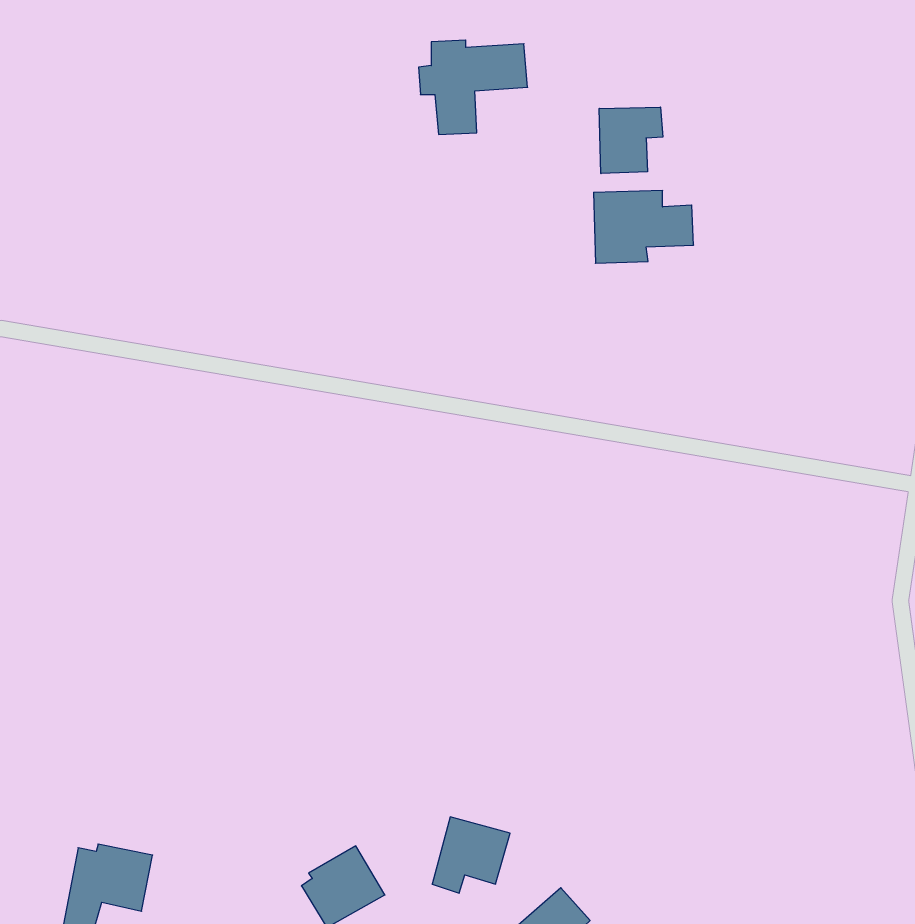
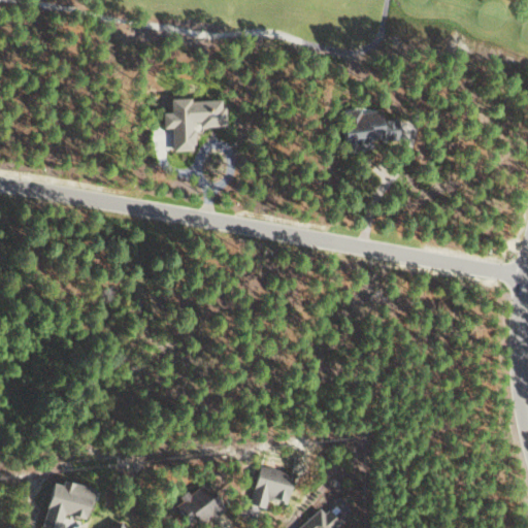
building: [419,40,528,134] -> [165,98,227,152]
building: [599,107,663,174] -> none

